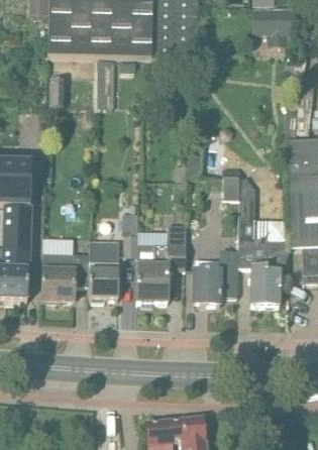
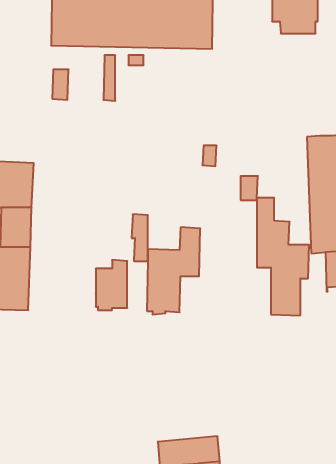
building: [194,247,239,303] -> none
building: [42,251,91,299] -> none

